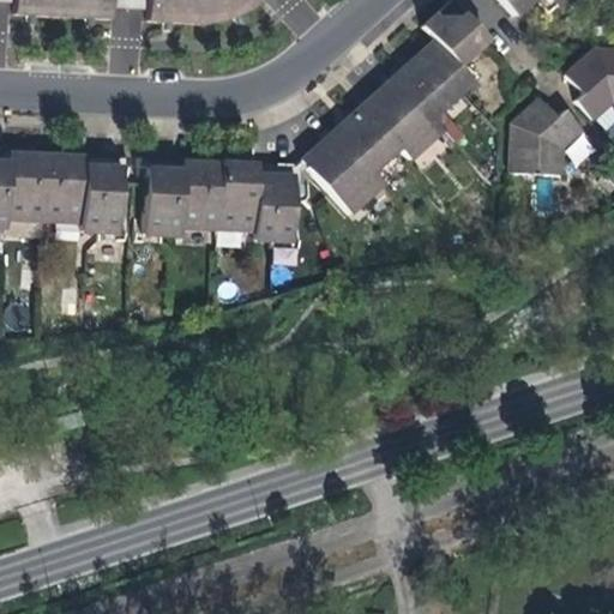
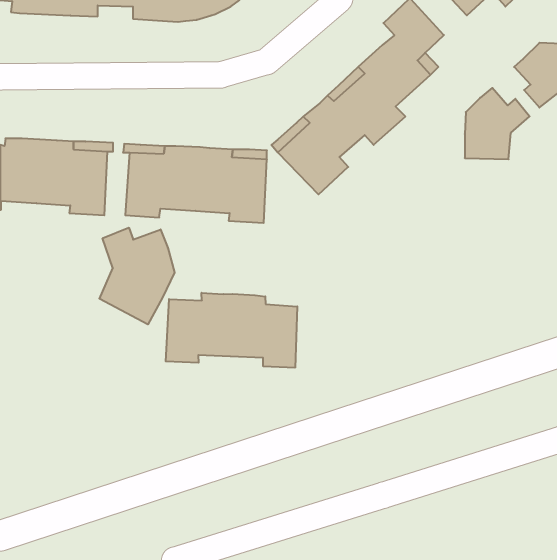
building: none -> [99,228,175,324]
building: none -> [166,293,297,368]

